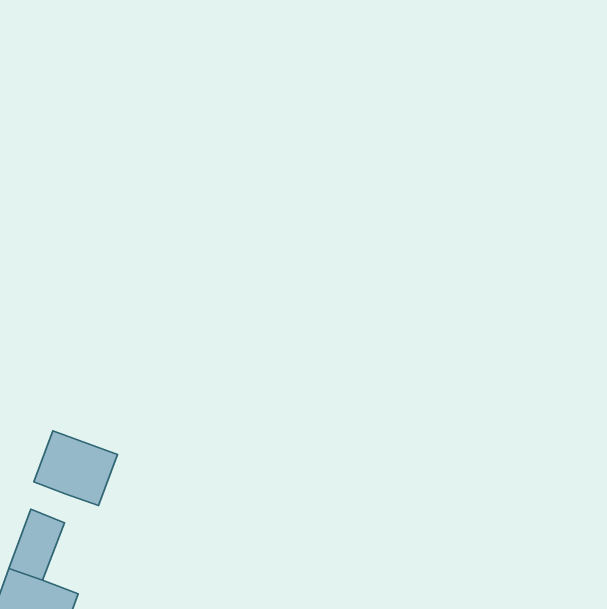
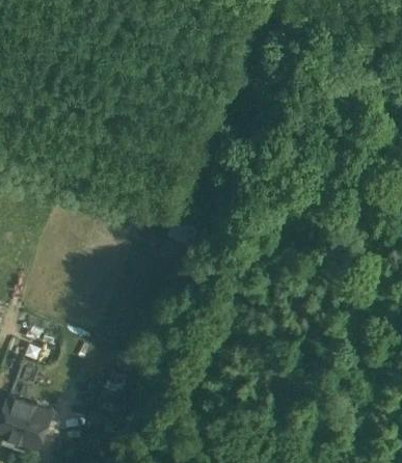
building: [34,431,118,506] -> none

